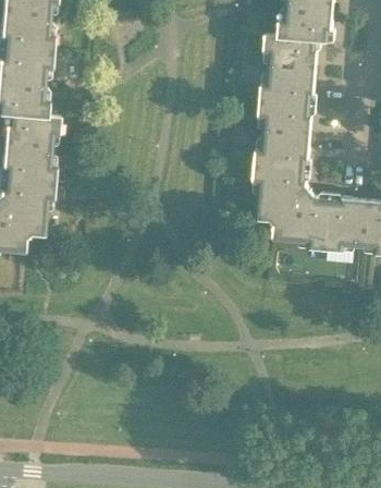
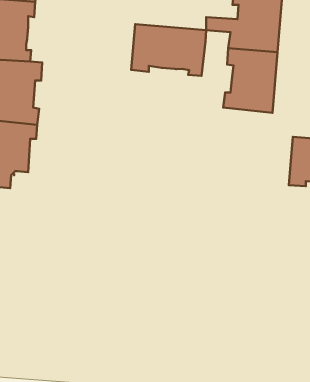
building: none -> [131,24,206,76]
building: [254,166,330,249] -> none

